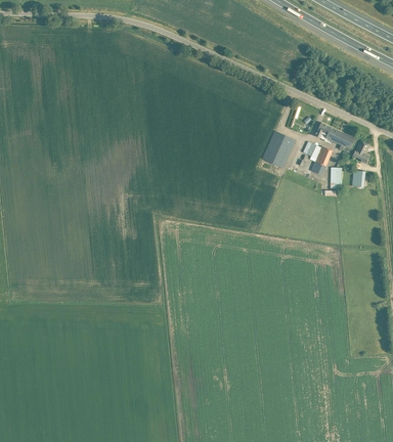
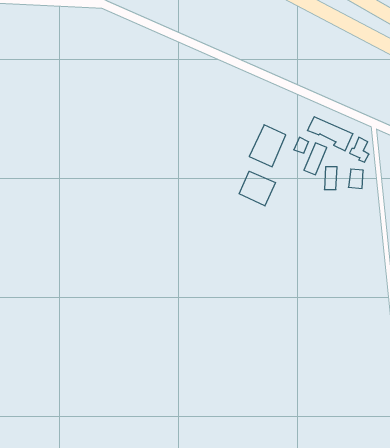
building: none -> [239,171,275,206]

